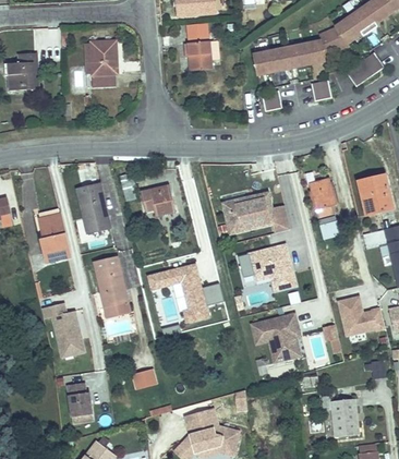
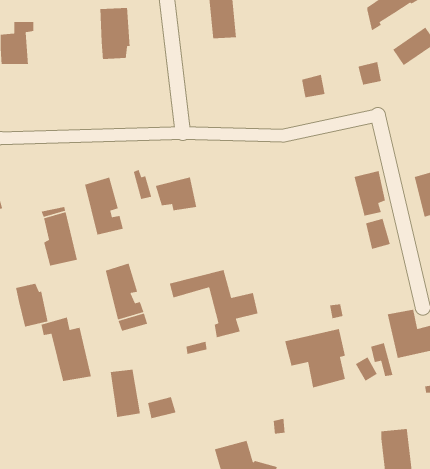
building: [252,41,323,80] -> none
building: [220,190,288,233] -> none
building: [245,244,295,291] -> none
building: none -> [15,283,48,328]
building: [64,383,90,424] -> [110,369,141,418]

